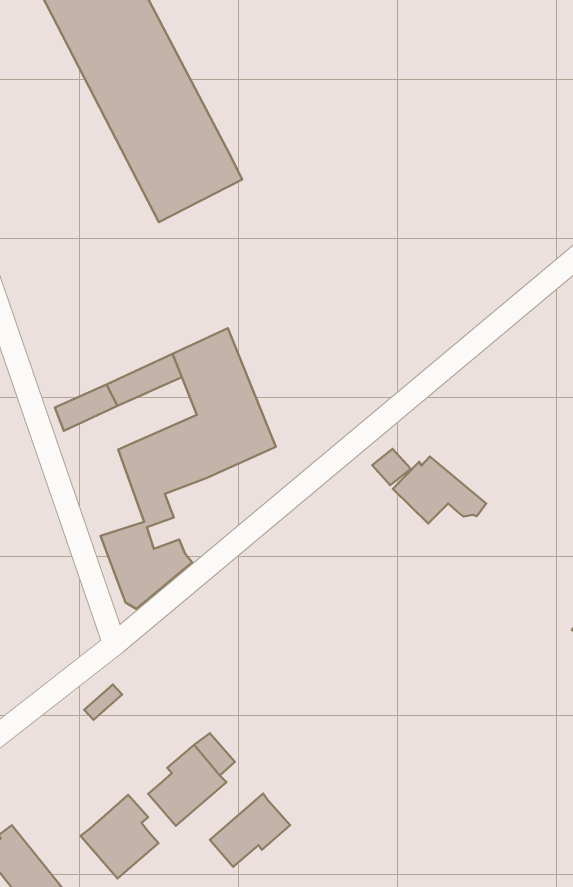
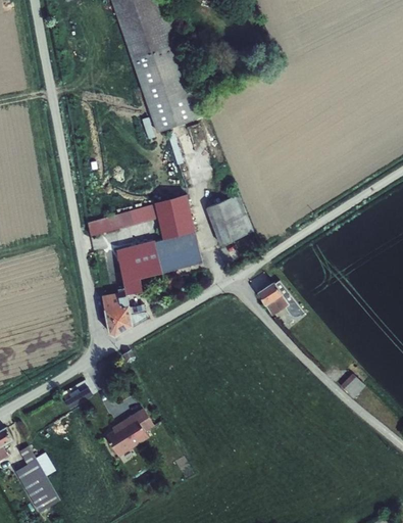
building: none -> [204,195,251,245]
building: [210,794,290,867] -> none
building: [81,795,158,878] -> none

